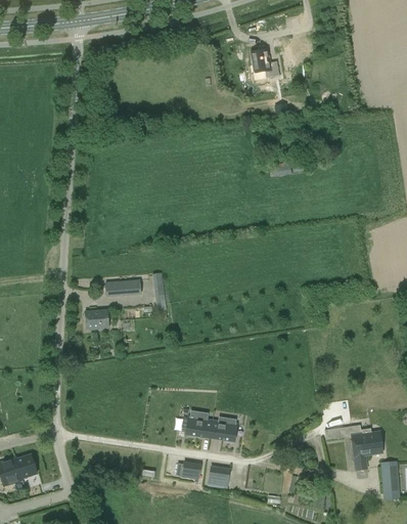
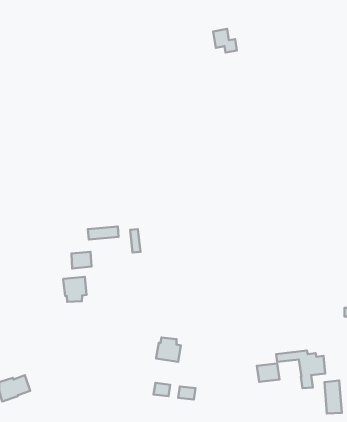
building: none -> [63,277,86,302]
building: [210,417,237,442] -> none
building: none -> [257,364,280,382]

